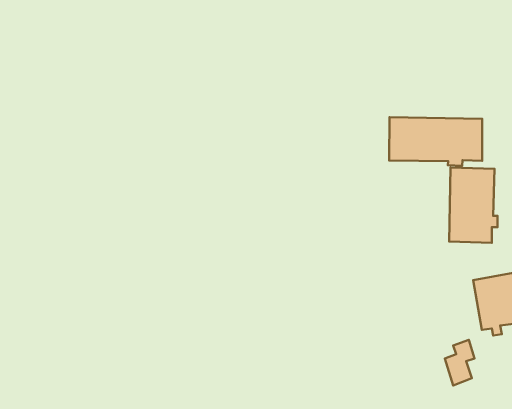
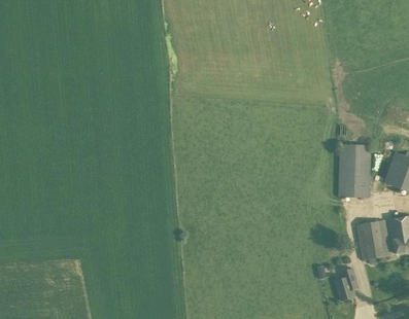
building: [389,117,482,166] -> none

